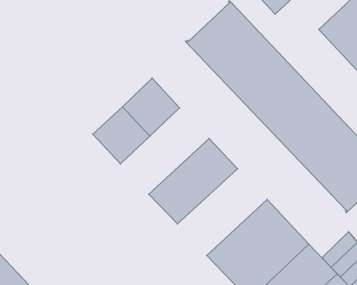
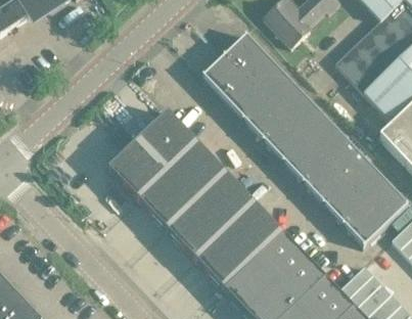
building: none -> [136,140,225,227]
building: none -> [193,201,283,288]

